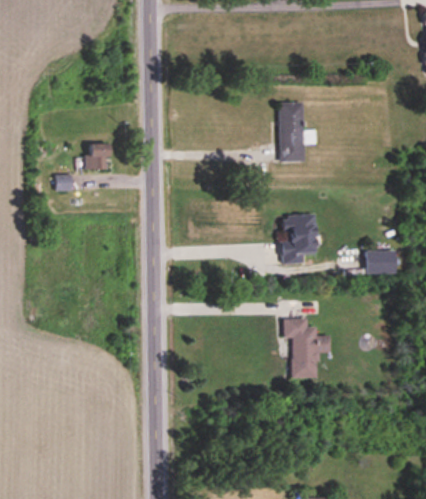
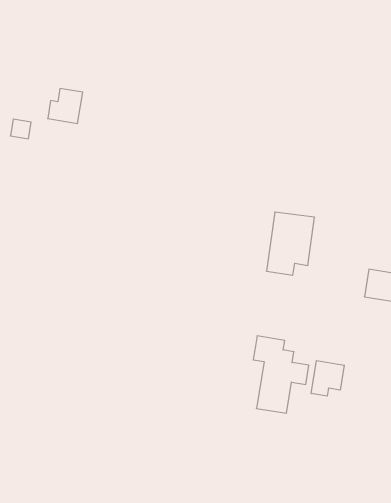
building: [280,102,304,162] -> none
building: none -> [311,361,344,396]

